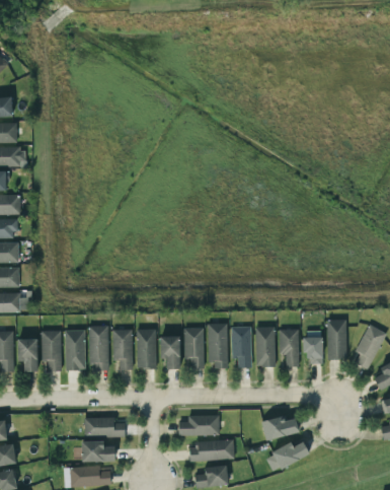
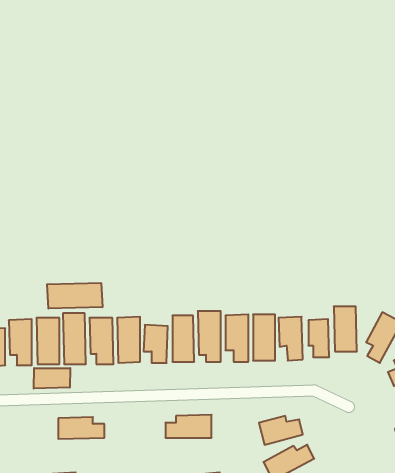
building: none -> [47,283,102,309]
building: none -> [34,368,70,389]
building: [81,441,114,462] -> none
building: [189,441,234,461] -> none

